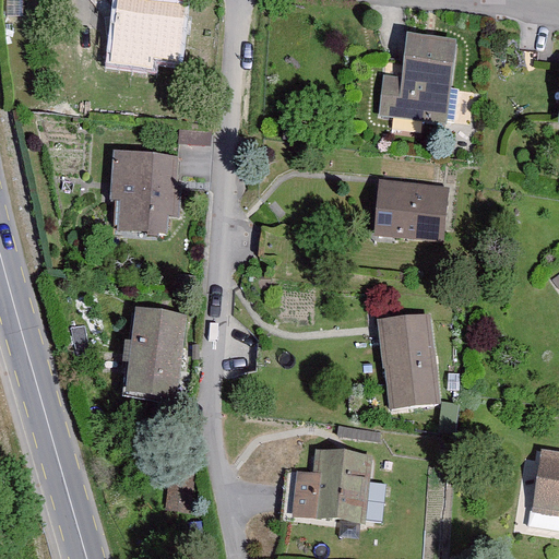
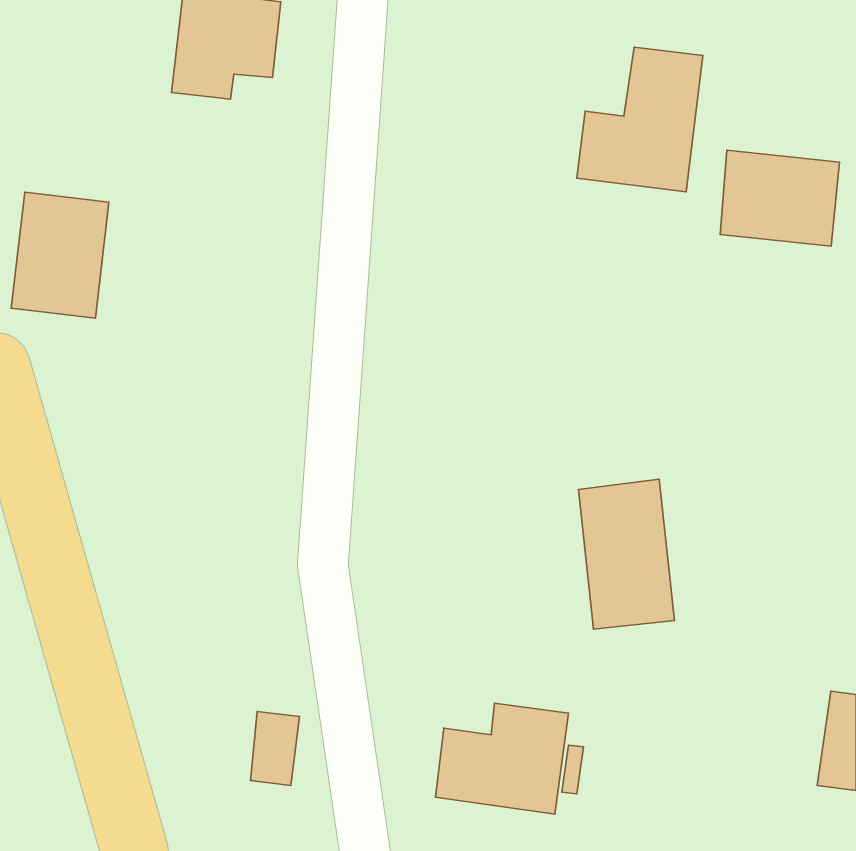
building: [111,150,175,231] -> [11,192,109,318]
building: [372,179,450,241] -> [720,150,840,246]
building: [126,305,188,392] -> none

